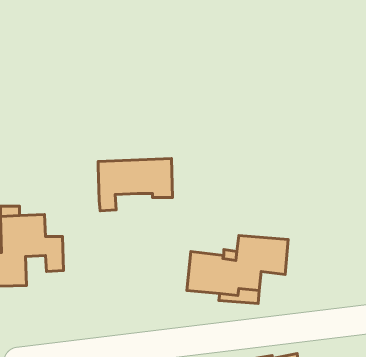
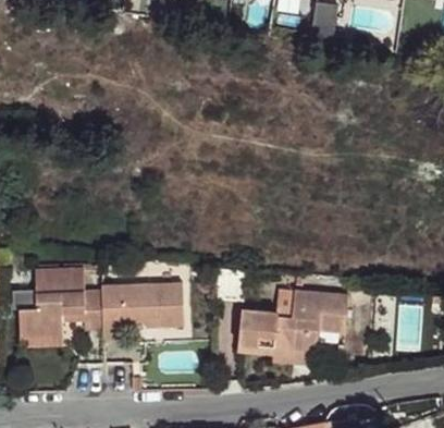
building: [98,159,172,211] -> [102,283,183,340]

